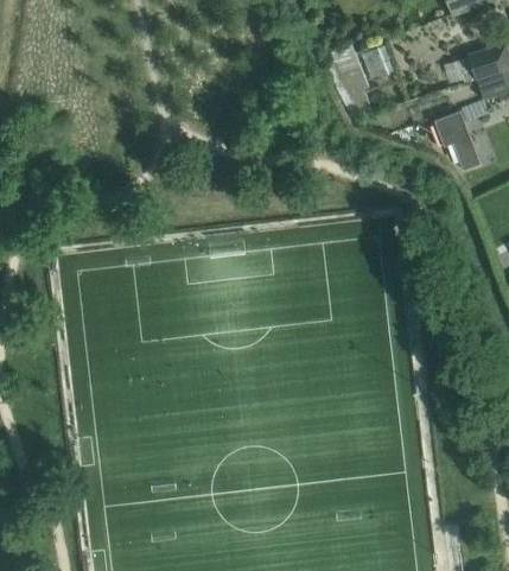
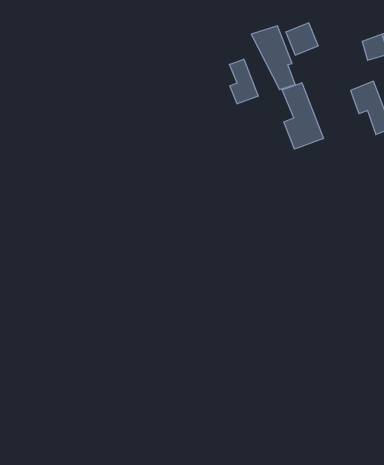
building: none -> [229,59,258,104]
building: none -> [282,83,323,149]

